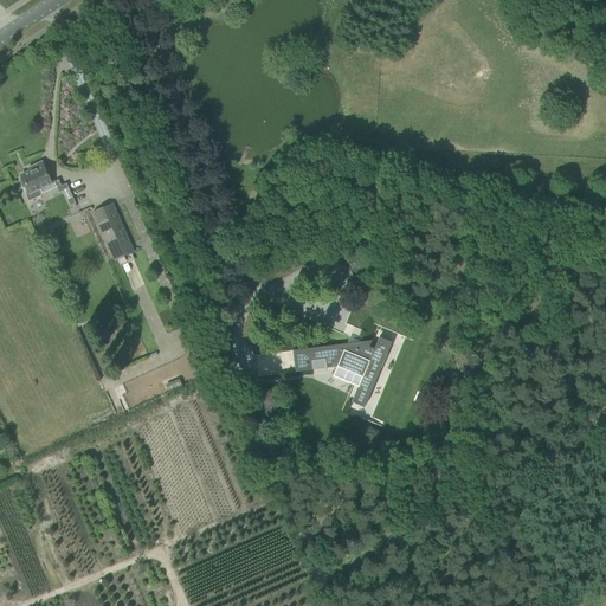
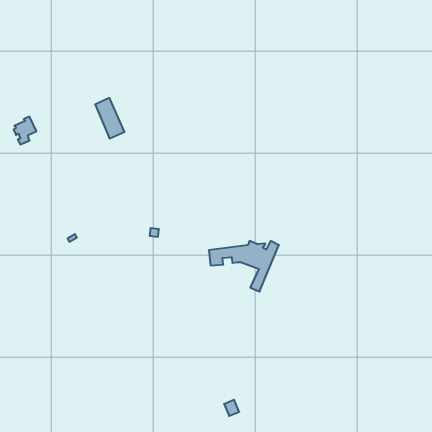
building: [94,204,135,260] -> [95,98,125,138]

